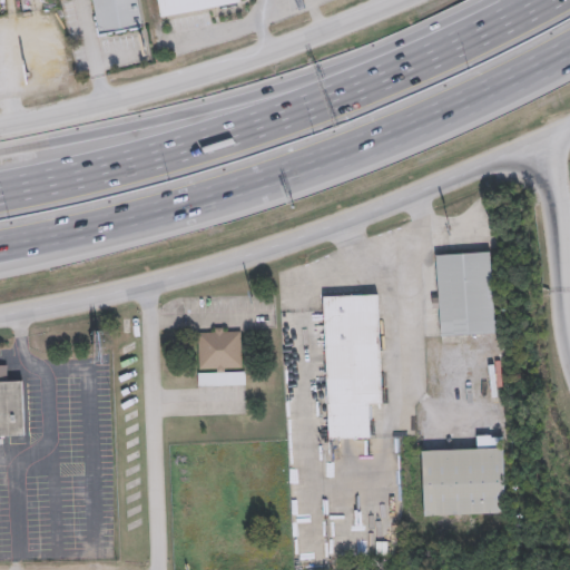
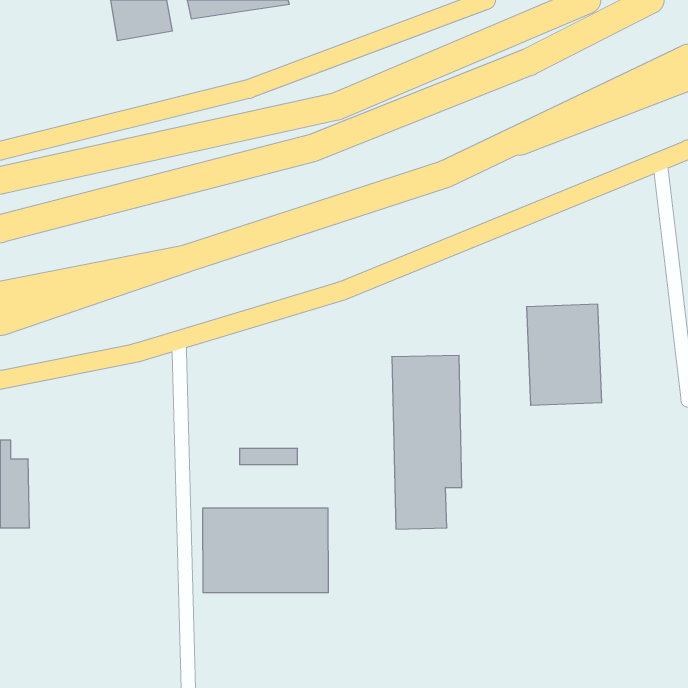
building: [197,328,242,368] -> none
building: none -> [203,508,328,593]
building: [422,435,507,515] -> none

